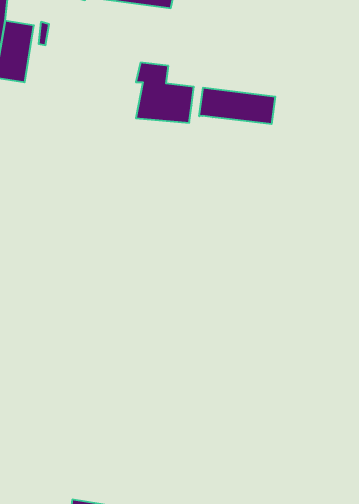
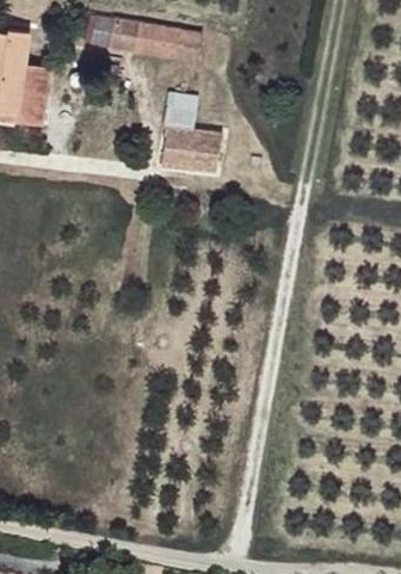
building: [199,88,275,124] -> none

